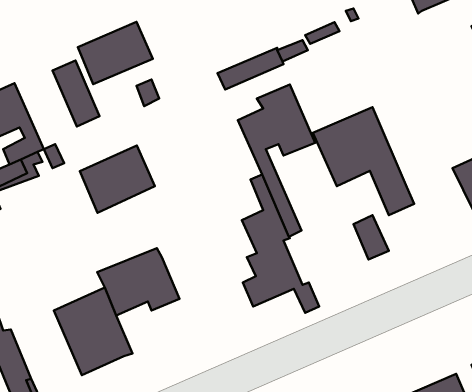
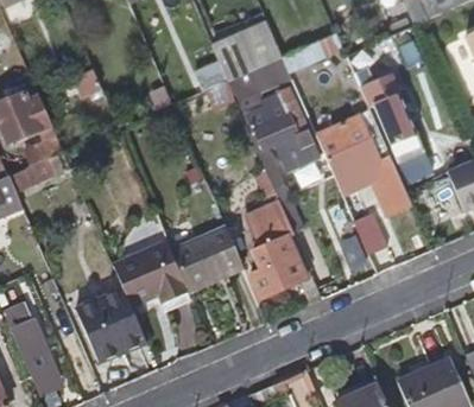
building: [78,22,153,84] -> [211,21,282,80]
building: none -> [360,75,424,163]
building: [80,146,155,213] -> [173,228,244,291]

